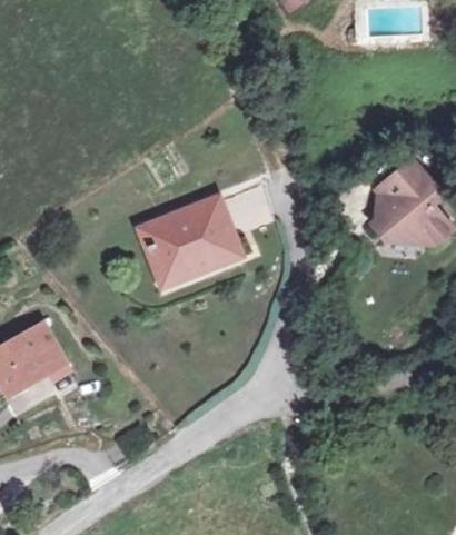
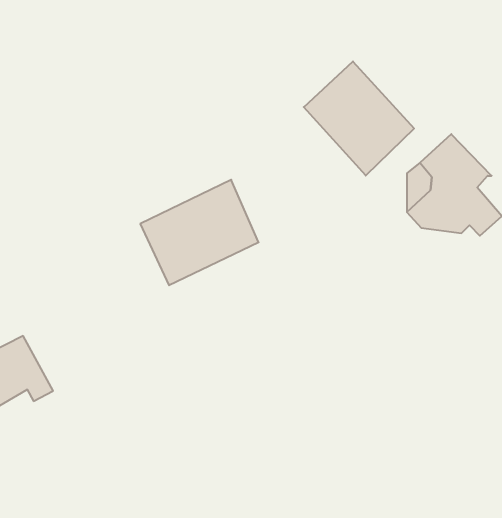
building: none -> [304,61,414,176]

